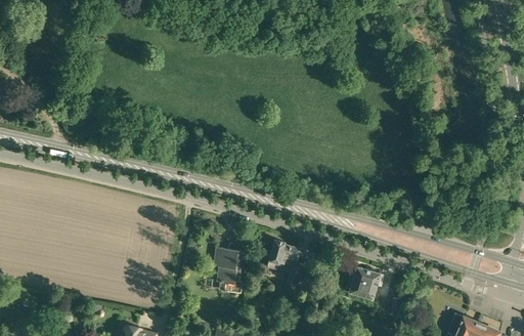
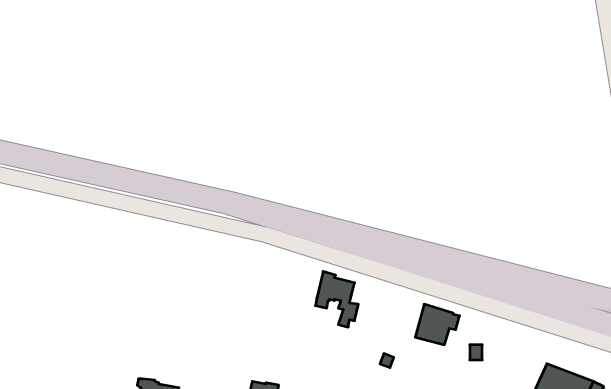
building: [213,244,250,294] -> none

